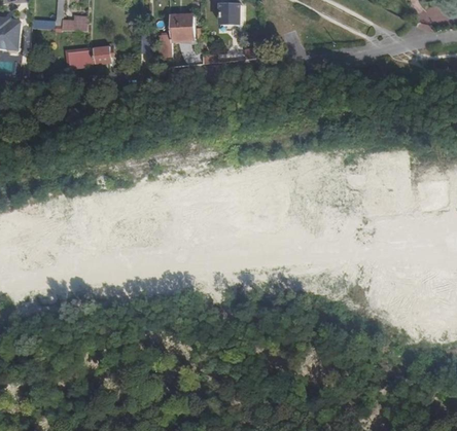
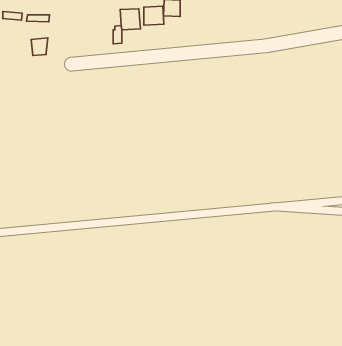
building: none -> [144,6,164,25]
building: [83,46,111,66] -> none

